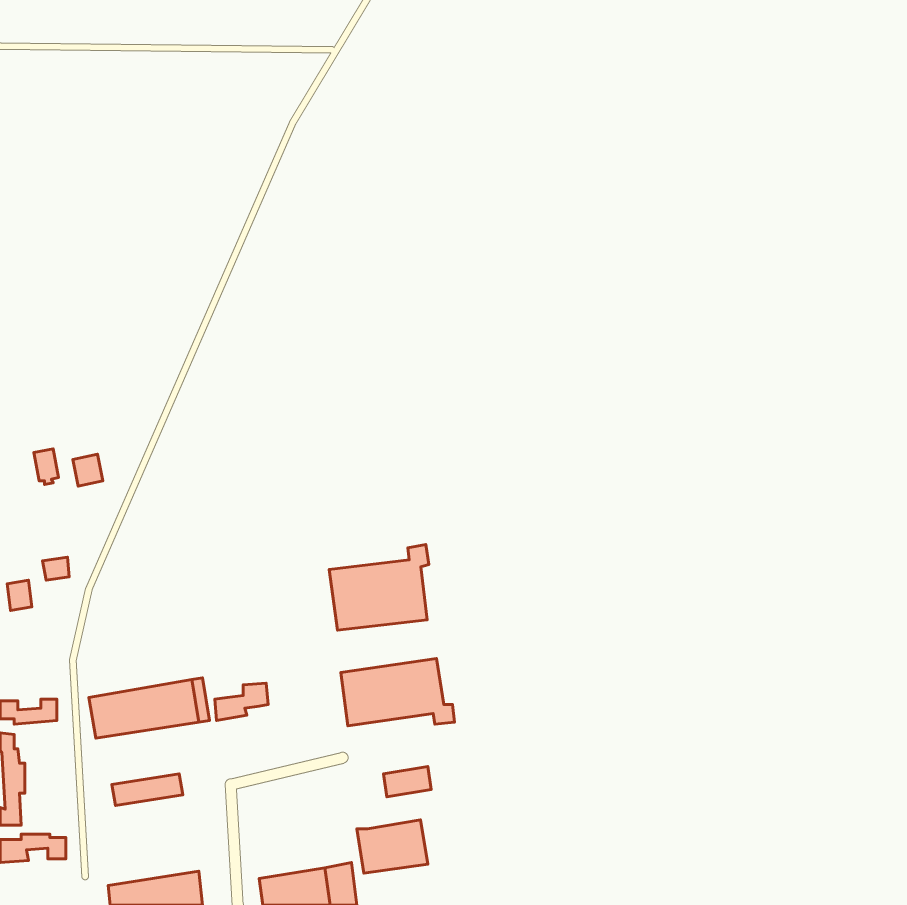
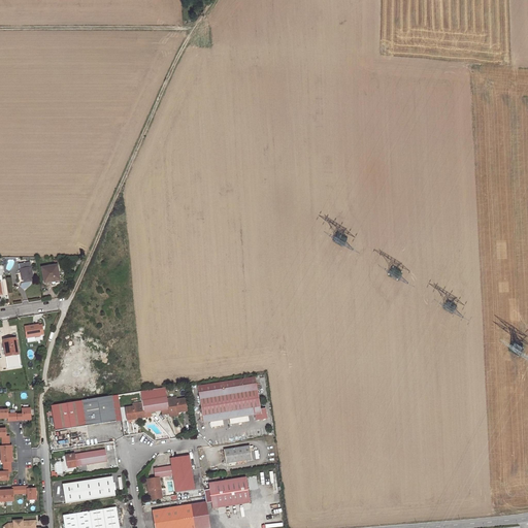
building: [329,544,429,630] -> none
building: none -> [155,395,186,412]
building: none -> [146,455,193,499]
building: none -> [63,476,114,503]

